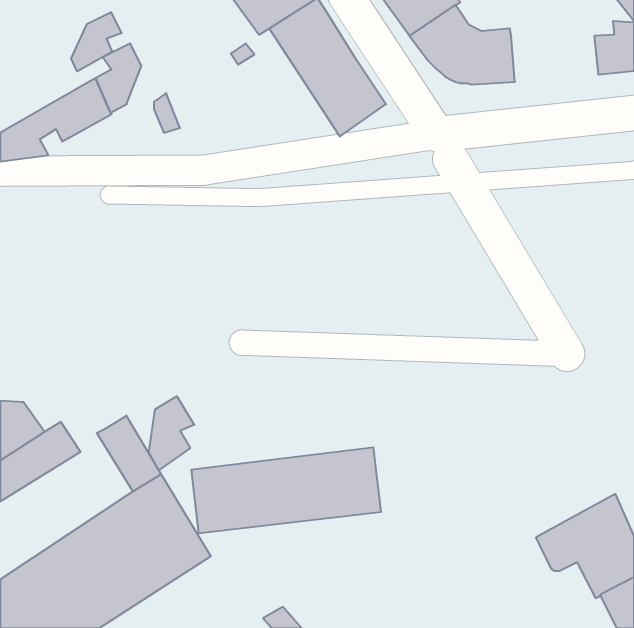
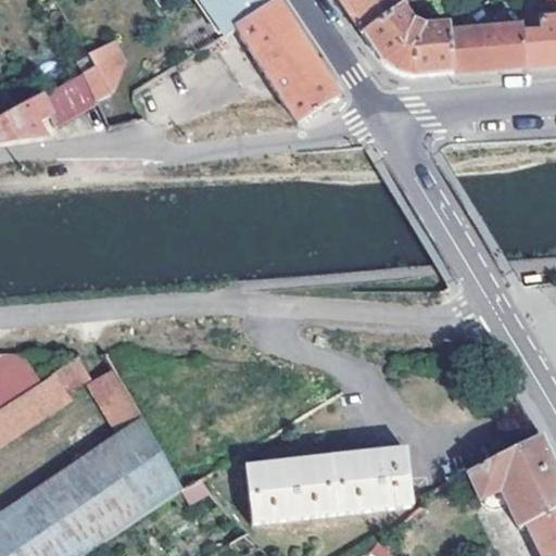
building: [71,12,122,71] -> none
building: none -> [447,25,523,72]
building: [149,396,194,470] -> none
building: [191,447,381,533] -> [247,446,413,521]

